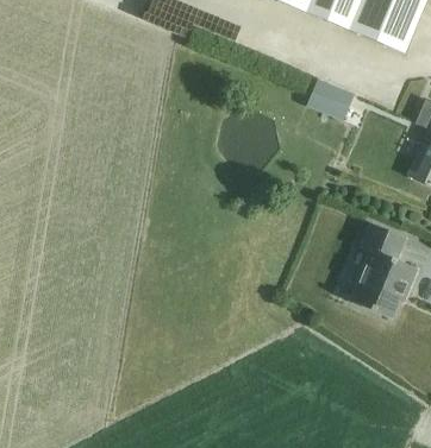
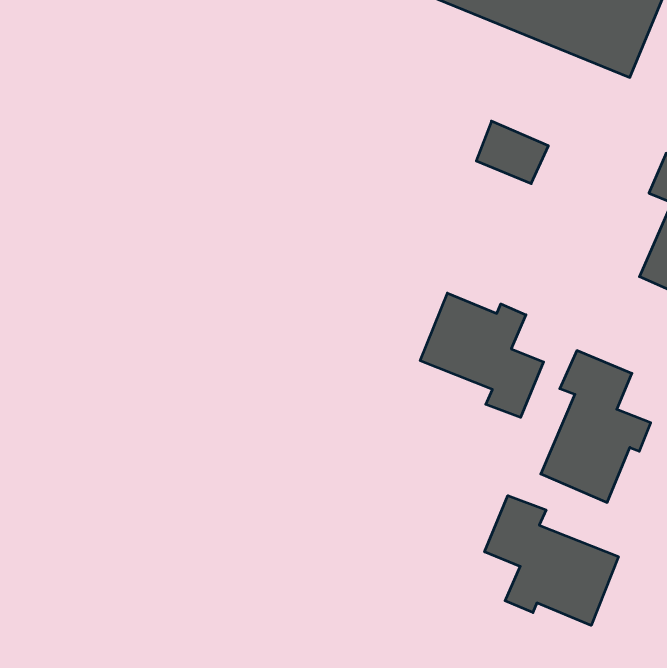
building: none -> [420,293,544,417]
building: none -> [485,496,618,625]

